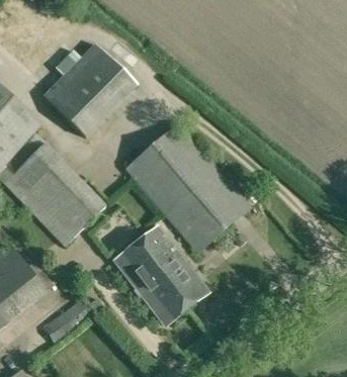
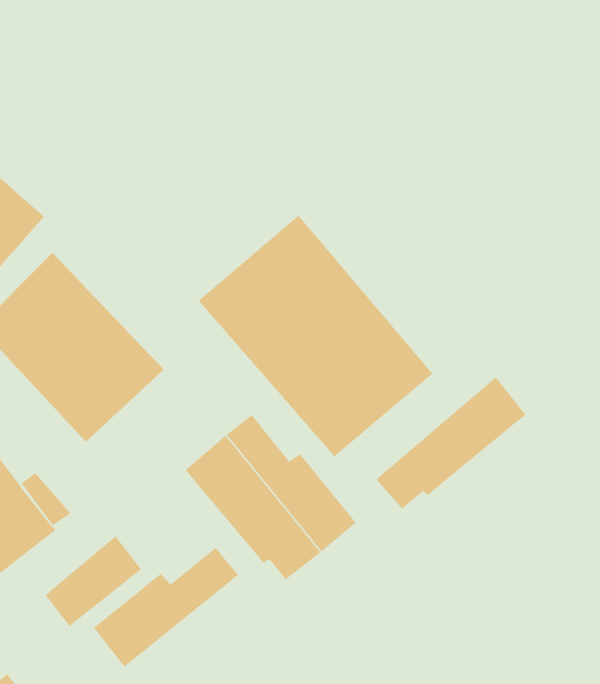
building: [41,40,137,137] -> none
building: none -> [375,377,526,510]
building: none -> [93,547,239,668]

